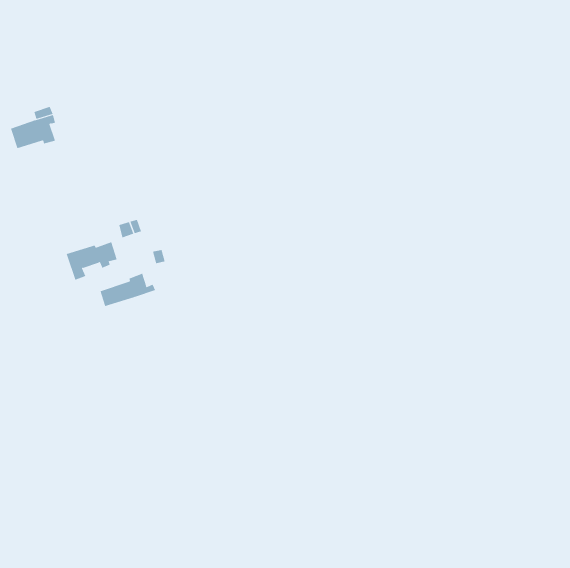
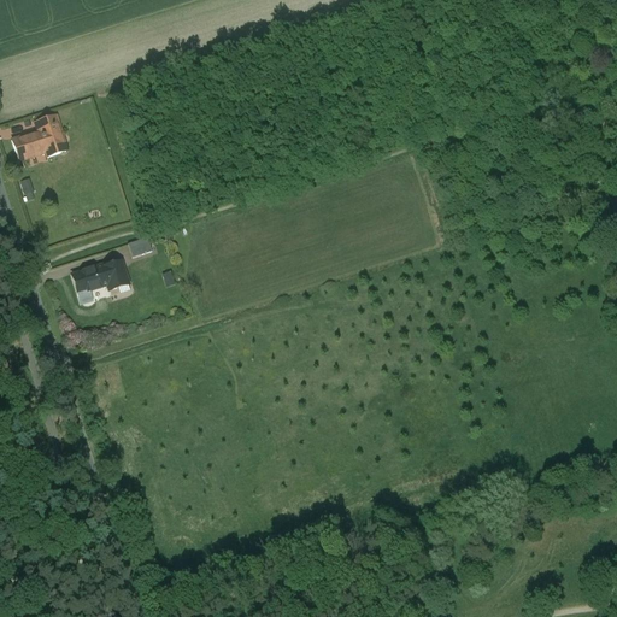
building: [100,273,156,307] -> none

